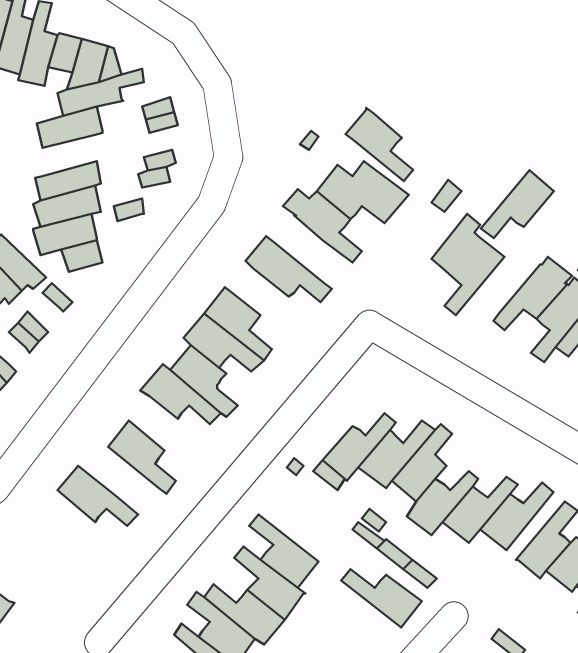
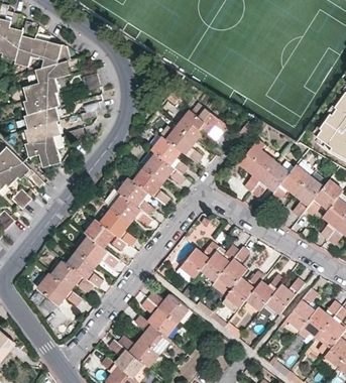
building: [346,108,413,181] -> [149,135,186,174]
building: none -> [25,95,62,117]
building: [481,170,554,238] -> [251,160,291,197]
building: none -> [131,166,167,205]
building: none -> [76,235,117,266]
building: none -> [48,258,92,290]
building: [341,569,422,627] -> [145,292,189,324]

